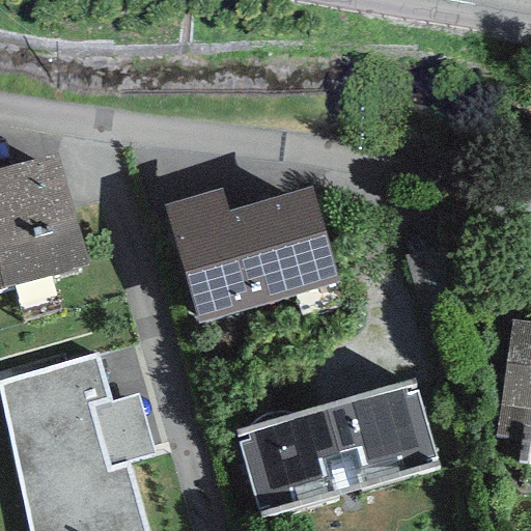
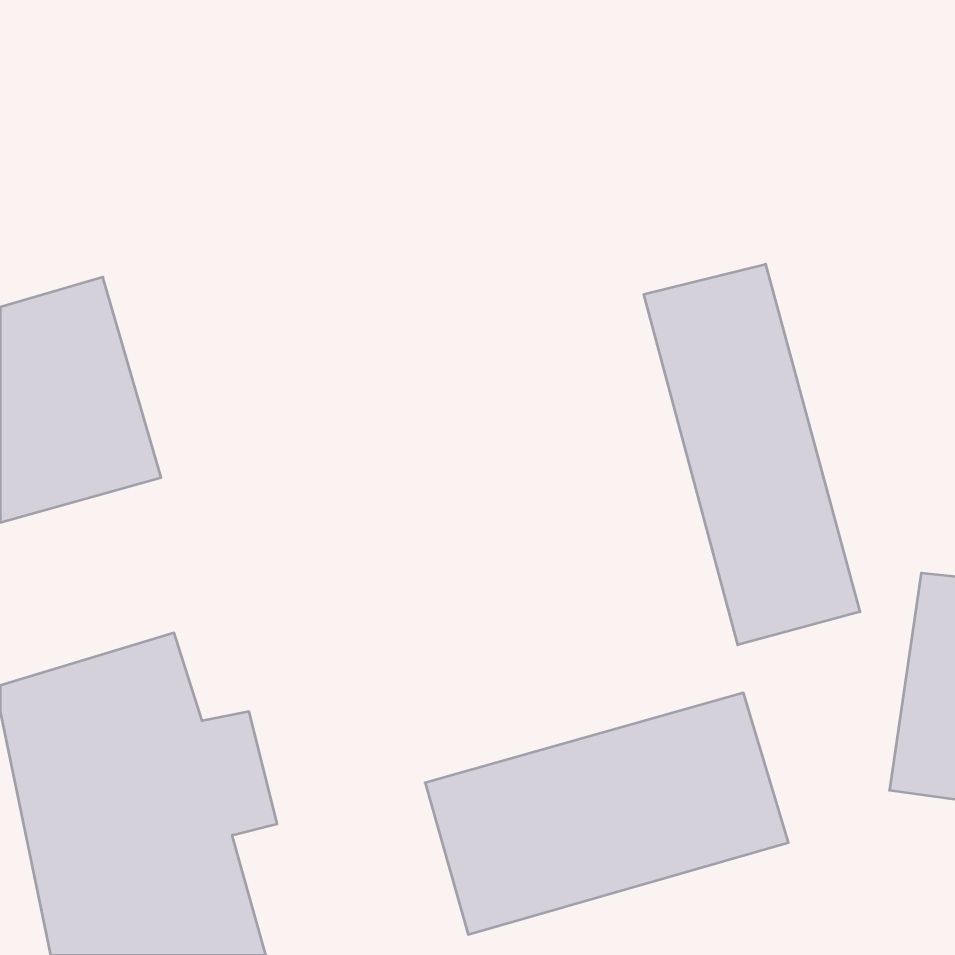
building: none -> [644,264,860,645]
building: [164,186,339,323] -> none

